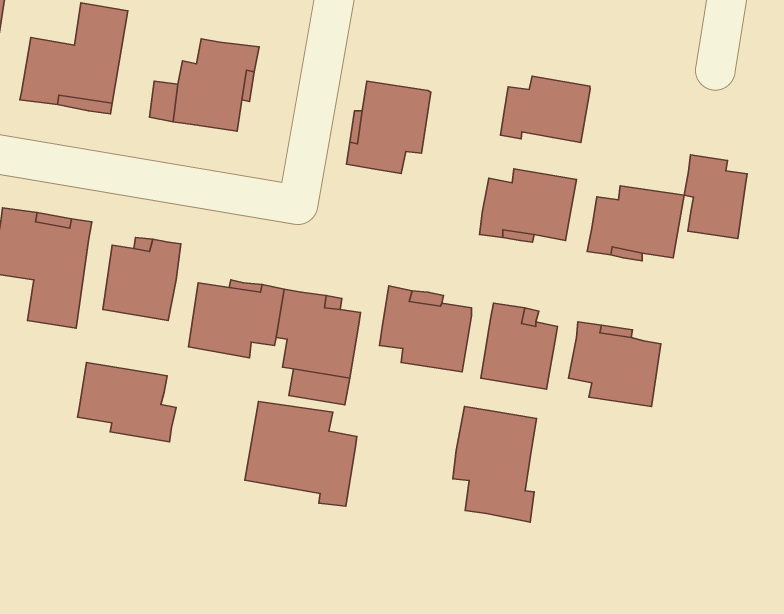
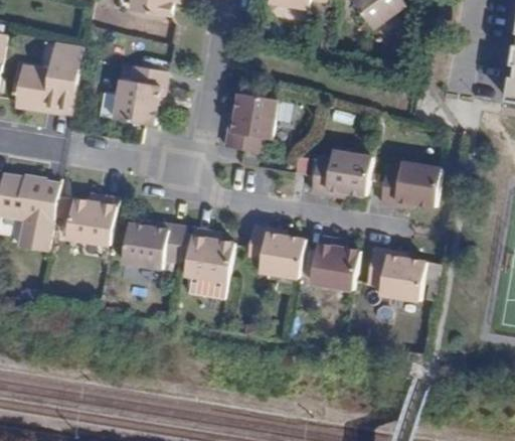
building: [501,76,590,142] -> none
building: [684,155,747,238] -> none
building: [77,362,176,442] -> none
building: [245,402,357,506] -> none
building: [453,406,537,522] -> none

